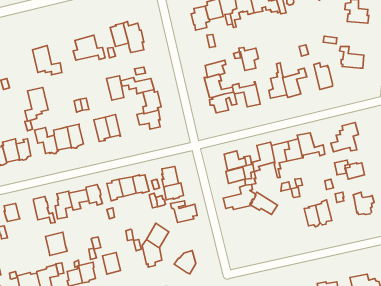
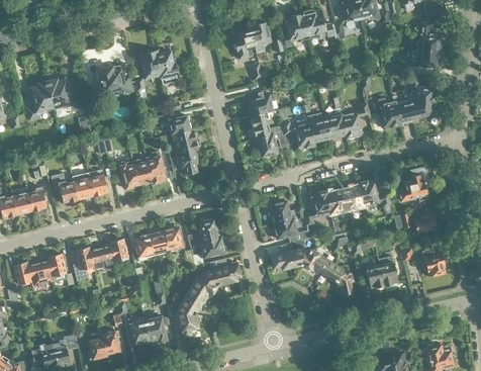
building: none -> [414,49,440,67]
building: [239,47,259,71] -> [305,114,328,142]
building: none -> [391,95,430,121]
building: [107,76,124,100] -> [143,155,164,183]
building: [25,87,48,121] -> [25,82,53,121]
building: none -> [326,264,352,297]
building: [45,232,67,256] -> [27,259,53,286]
building: none -> [145,316,166,342]
building: [174,250,196,274] -> [191,269,216,296]

